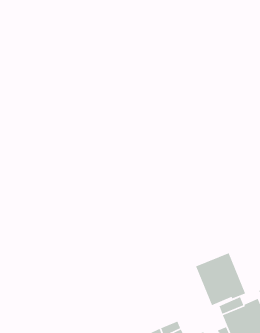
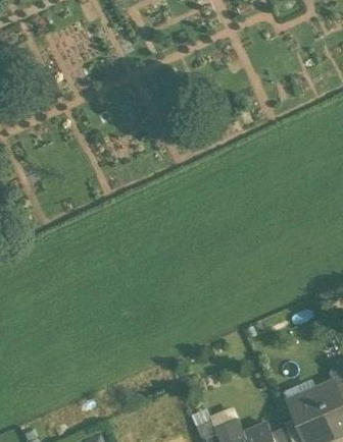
building: [196,252,246,306] -> none

